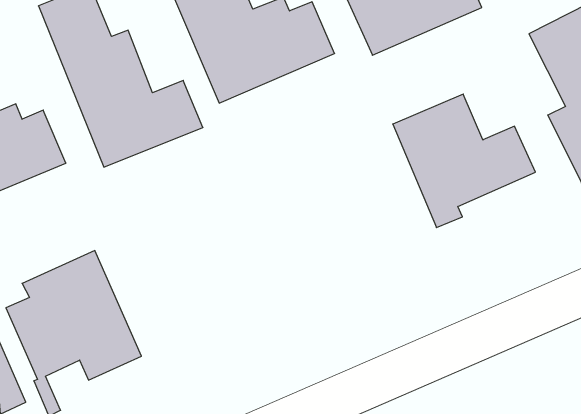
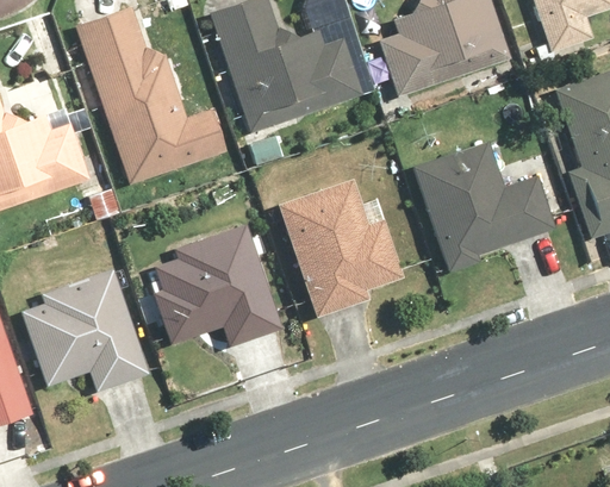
building: none -> [278,181,402,319]
building: none -> [154,221,285,348]

